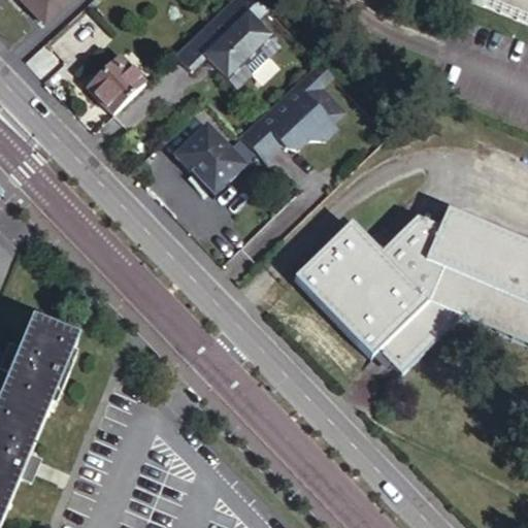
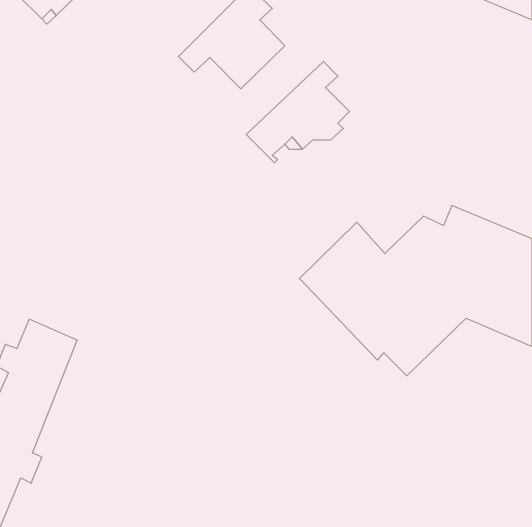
building: [89,56,148,114] -> none
building: [175,122,251,197] -> none

